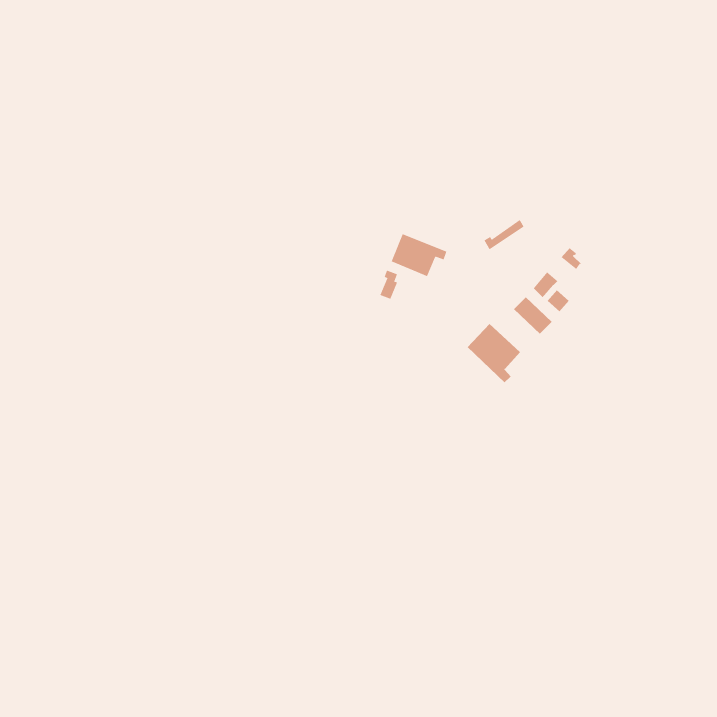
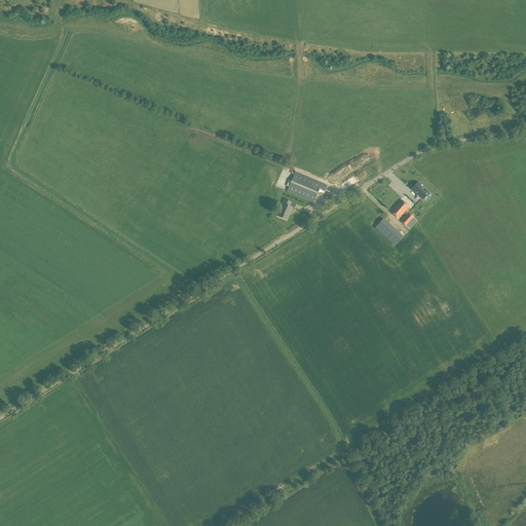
building: [467,323,521,383] -> none

